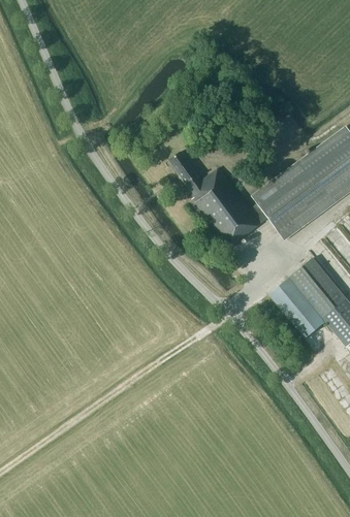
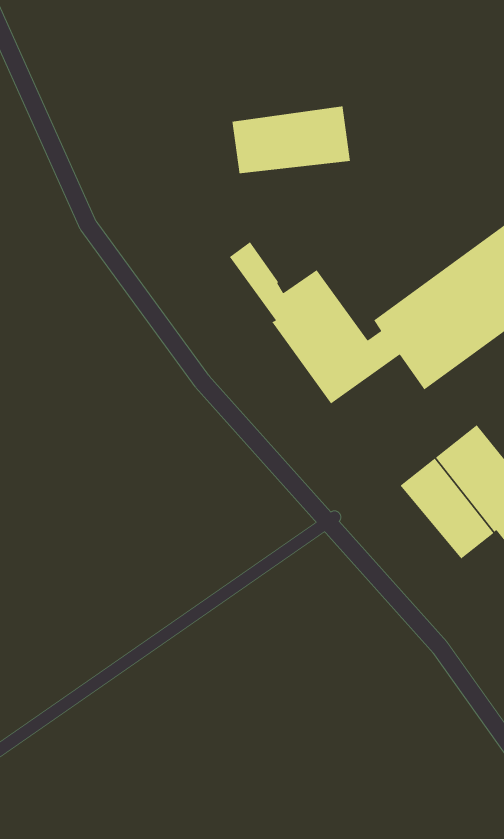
building: none -> [231,105,351,174]

